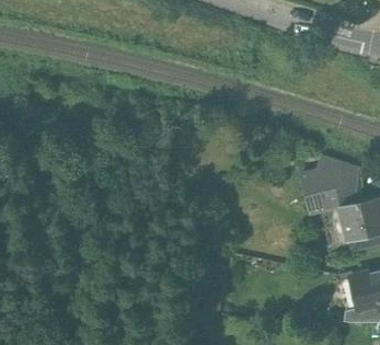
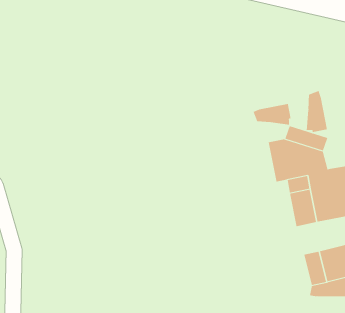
building: none -> [306,90,328,133]
building: none -> [253,103,291,126]

